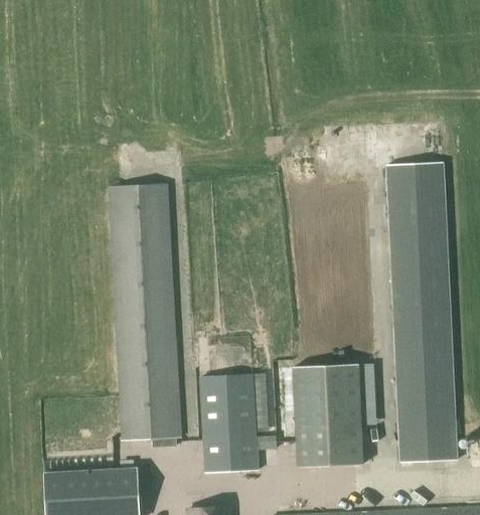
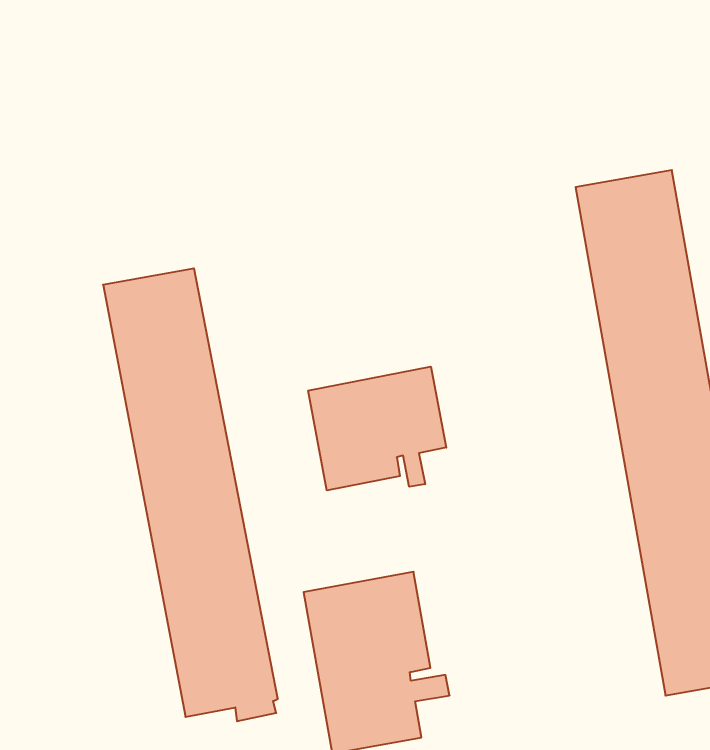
building: none -> [308,367,446,490]
building: [284,363,364,467] -> none

